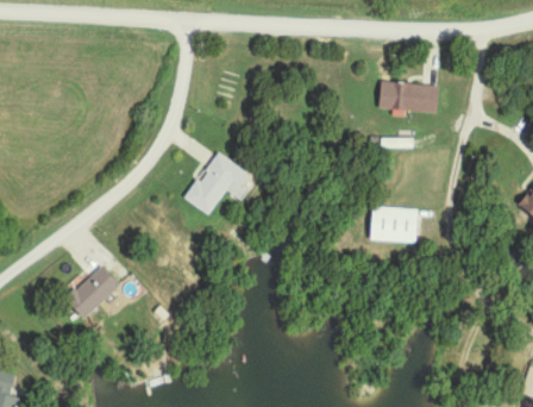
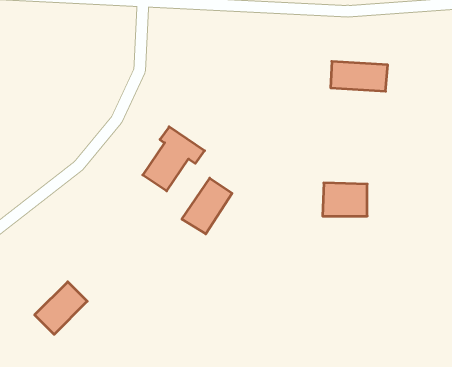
building: none -> [182,178,232,234]
building: [65,264,120,319] -> [35,282,87,334]

